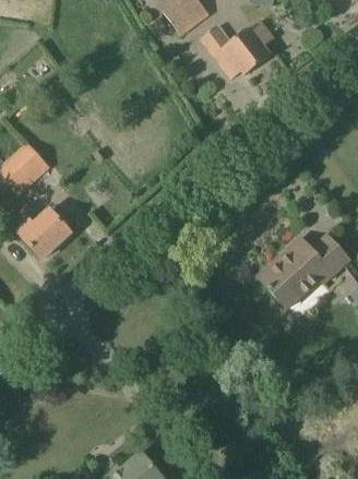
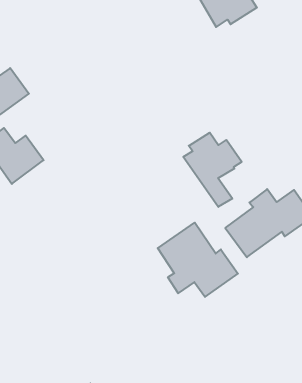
building: none -> [183,133,242,207]
building: none -> [158,223,238,297]

